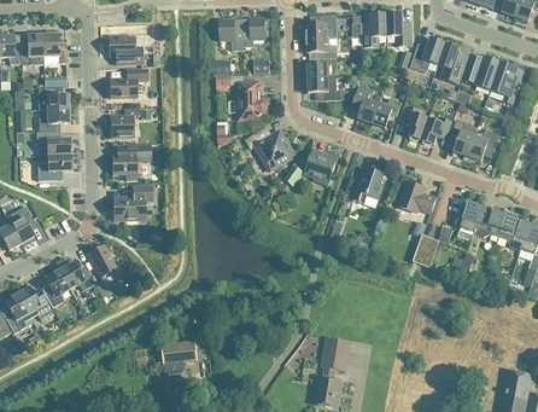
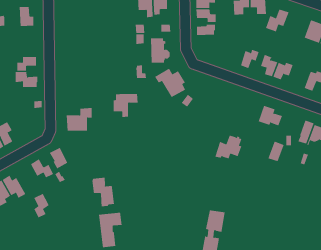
building: [22,34,43,64] -> none
building: [109,36,144,63] -> none
building: [437,42,468,83] -> none
building: [110,69,147,98] -> none
building: [306,76,340,100] -> none
building: [350,85,379,122] -> none
building: [37,87,69,109] -> none
building: [111,108,140,138] -> none
building: [450,120,478,156] -> none
building: [112,145,151,181] -> [113,93,139,118]
building: [304,149,337,185] -> none
building: [37,155,72,180] -> none
building: [343,167,384,203] -> [215,135,242,159]
building: [45,269,69,307] -> [33,193,50,218]
building: none -> [92,177,114,207]

